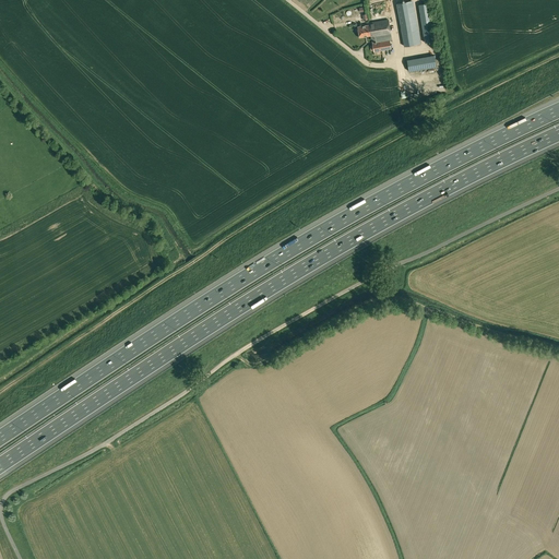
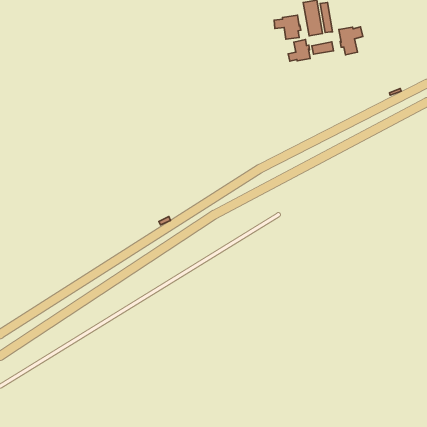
building: none -> [339,27,363,55]
building: none -> [288,40,310,61]

